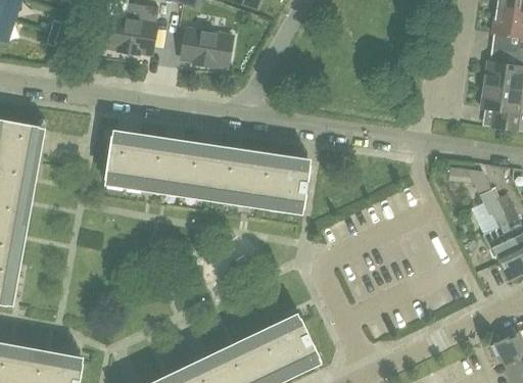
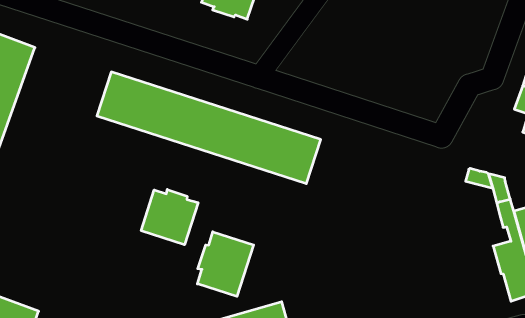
building: none -> [141,189,198,245]
building: none -> [197,232,254,296]

